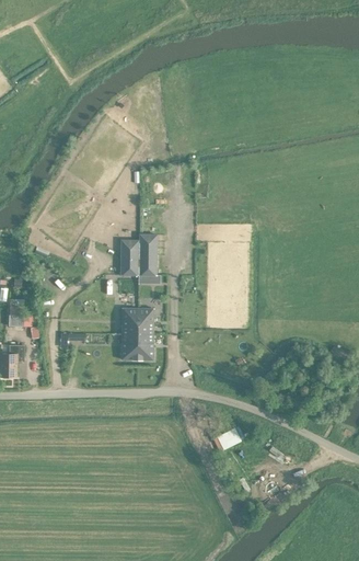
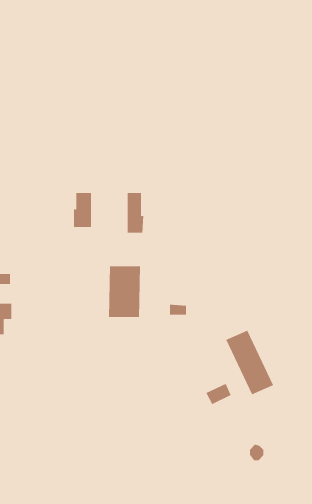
building: [120,240,139,275] -> [73,192,92,227]
building: none -> [225,330,274,395]

